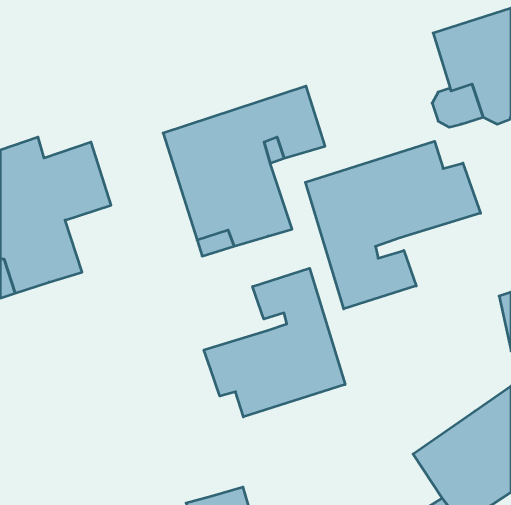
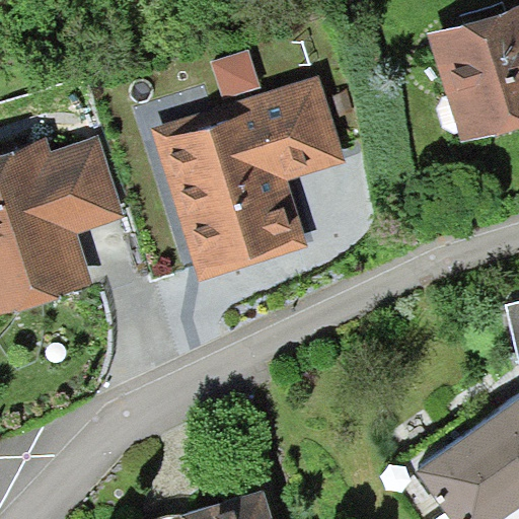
building: [305,141,481,309] -> none
building: [204,268,345,417] -> none

